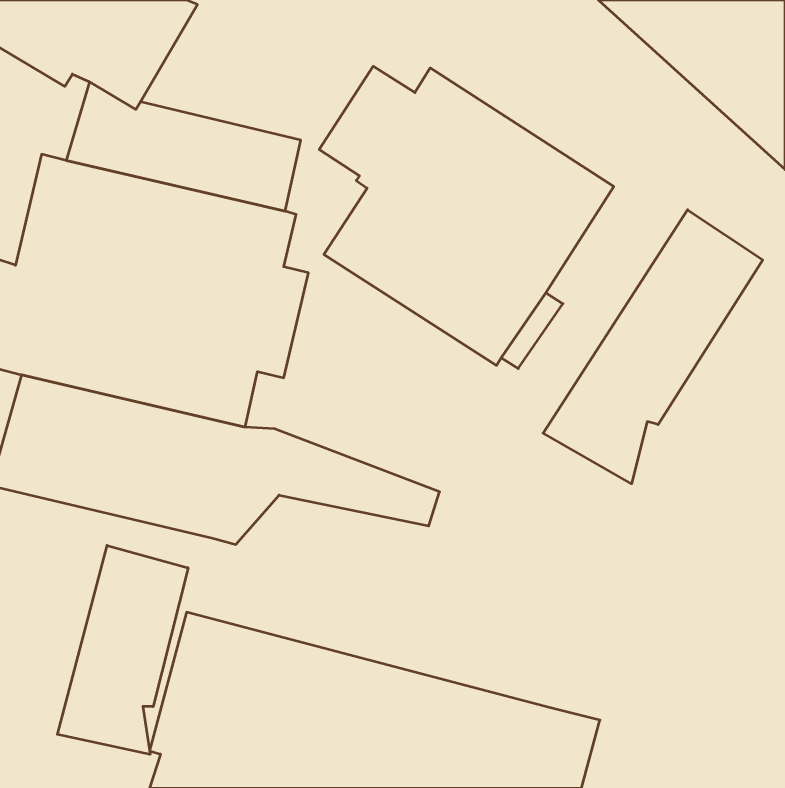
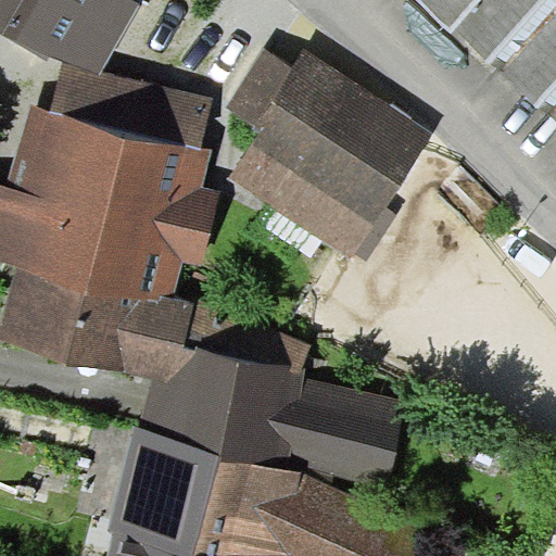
building: [543,210,763,484] -> none
building: none -> [131,349,406,498]
building: [57,545,188,754] -> none

